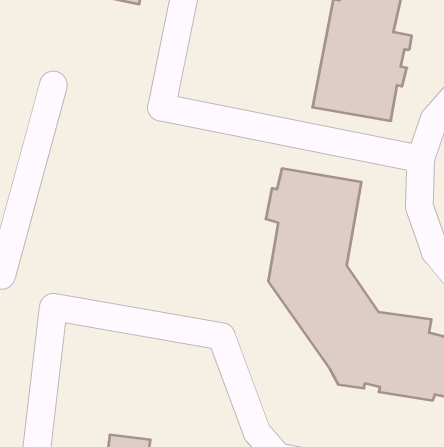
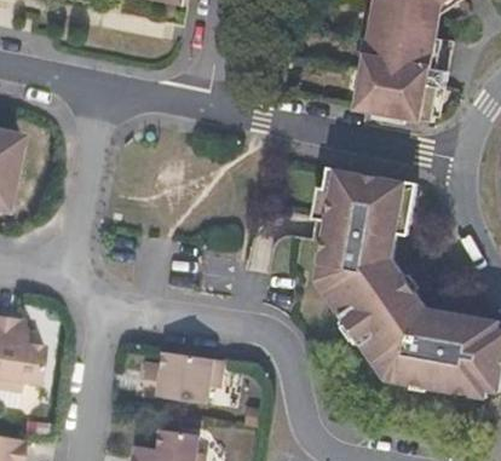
building: none -> [142,352,221,403]

